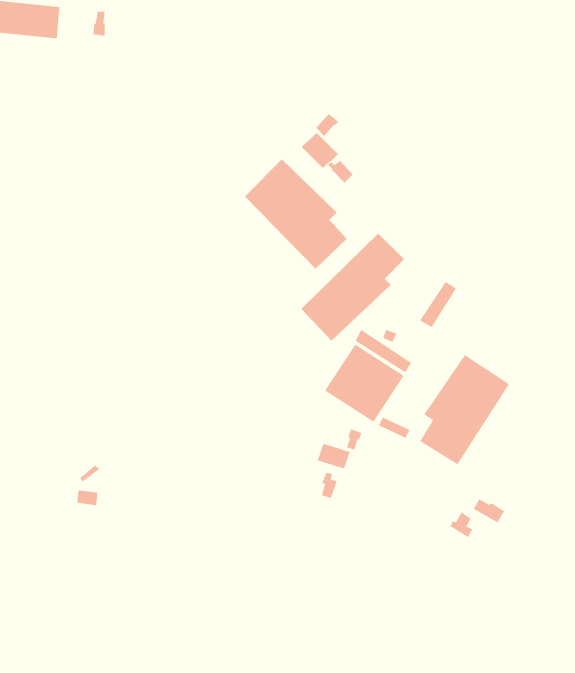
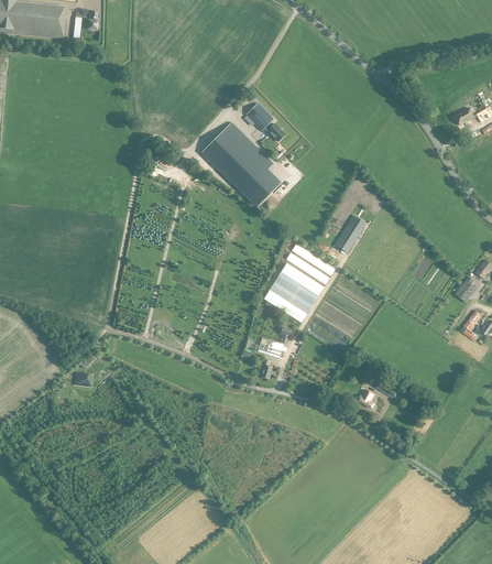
building: [300,233,405,342] -> none
building: [420,354,510,465] -> none

